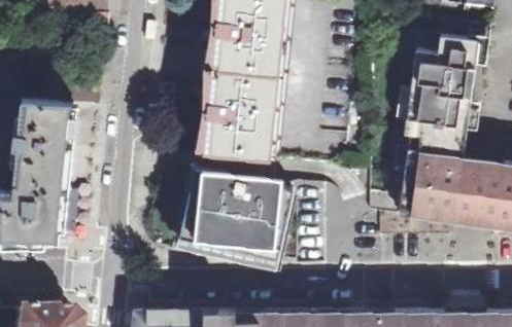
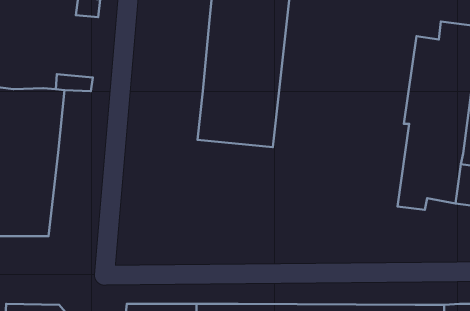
building: [166,168,288,266] -> none

